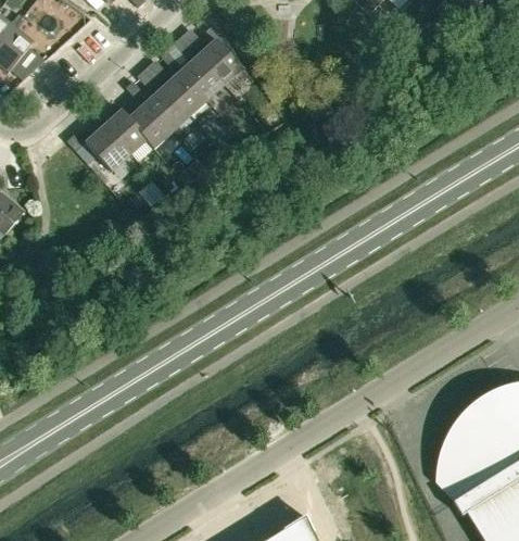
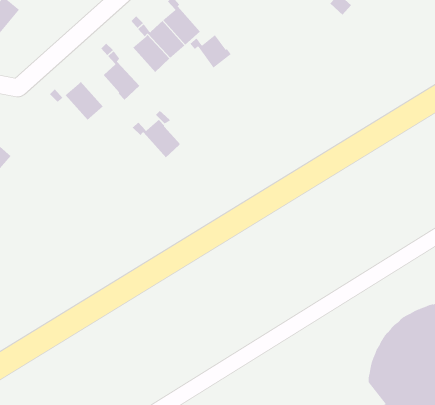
building: none -> [189,34,232,69]
building: [145,86,189,130] -> none
building: [90,109,147,154] -> [132,119,181,158]

